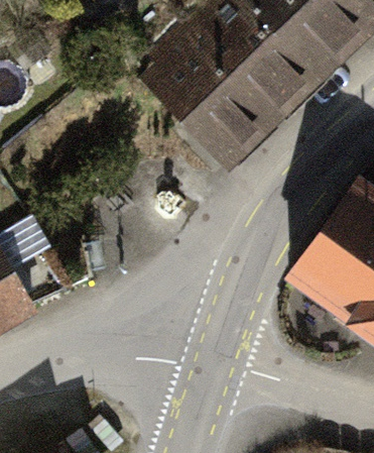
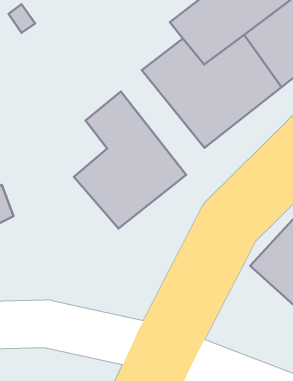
building: none -> [74,91,186,229]

